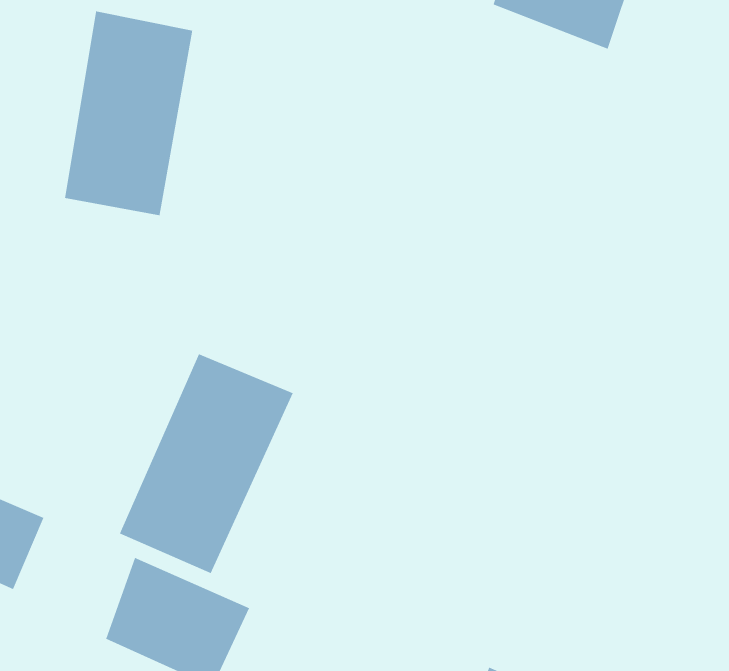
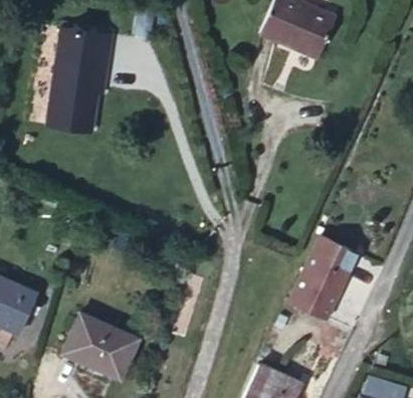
building: [119,353,294,574] -> none
building: none -> [291,241,355,321]

